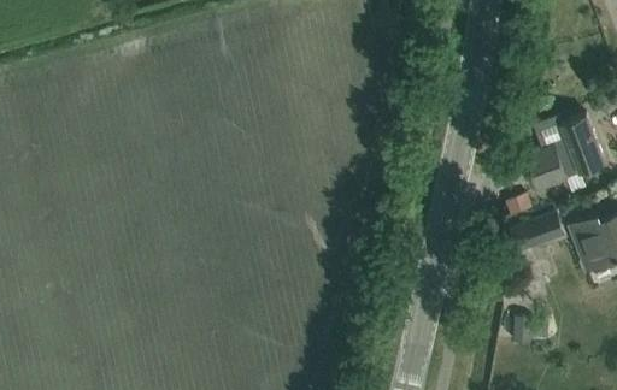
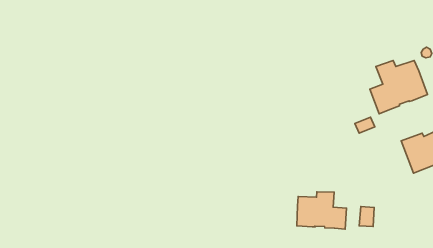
building: [510,212,564,253] -> none
building: none -> [297,192,346,229]

